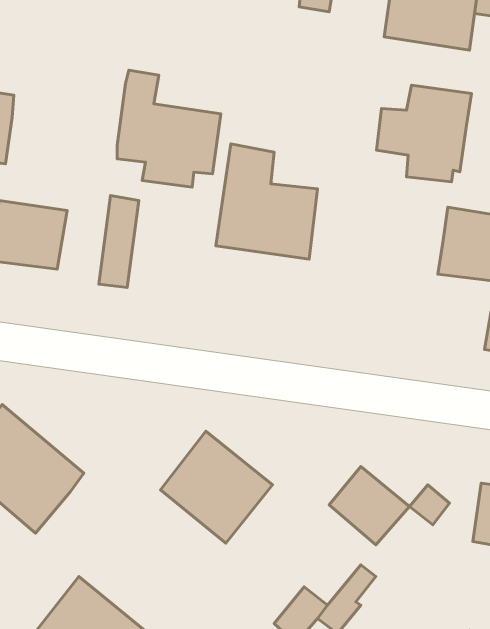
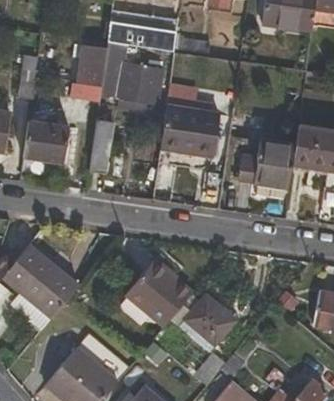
building: none -> [107,9,177,52]
building: none -> [78,48,105,88]
building: [376,85,472,182] -> [238,141,295,199]
building: [329,466,409,545] -> [187,296,235,343]

